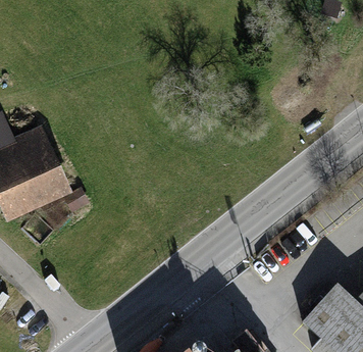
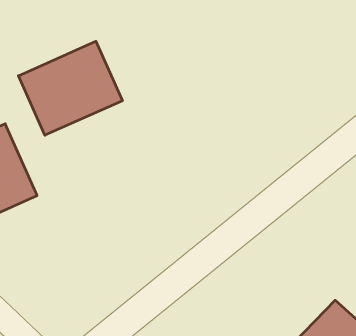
building: none -> [18,41,122,135]

